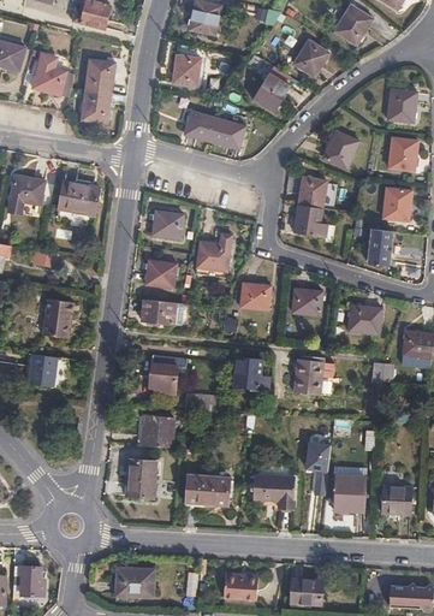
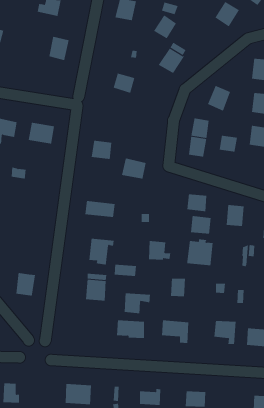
building: [292,40,327,76] -> [153,14,177,39]
building: [170,53,200,85] -> none
building: [31,55,71,97] -> none
building: [82,87,113,122] -> none
building: [210,118,244,148] -> none
building: [364,237,392,262] -> [219,135,238,152]
building: [145,259,177,288] -> none
building: [239,282,270,309] -> [190,215,211,234]
building: [44,297,76,337] -> none
building: [28,353,58,387] -> [15,273,36,296]
building: none -> [124,293,150,314]
building: [309,443,332,470] -> [170,278,186,297]
building: [127,458,166,497] -> none

